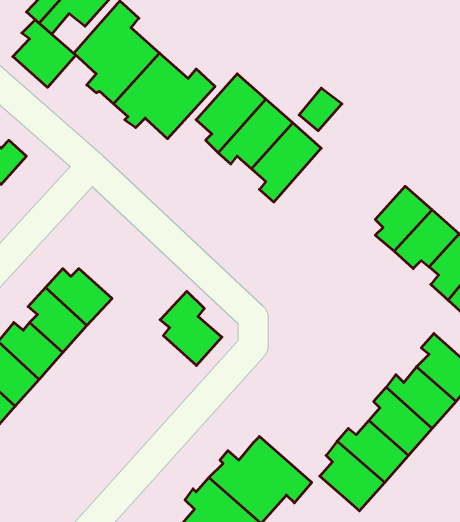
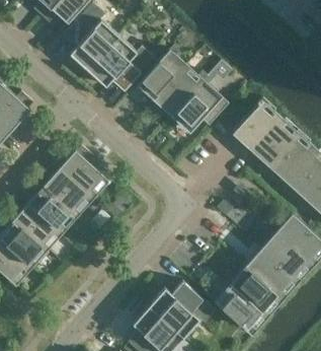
building: [13,20,76,87] -> none
building: none -> [234,107,275,144]
building: [160,291,222,366] -> [65,146,104,194]

